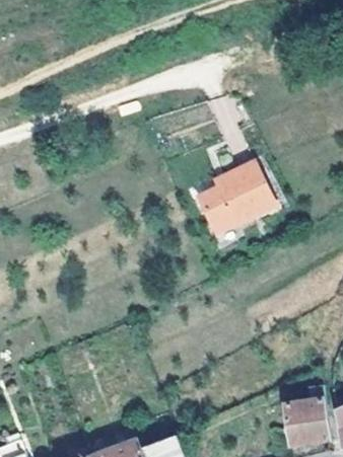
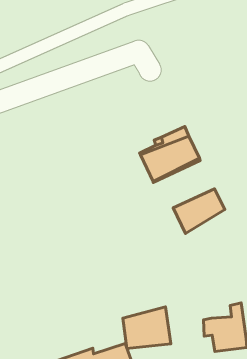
building: none -> [173,189,225,233]
building: none -> [123,307,171,349]

